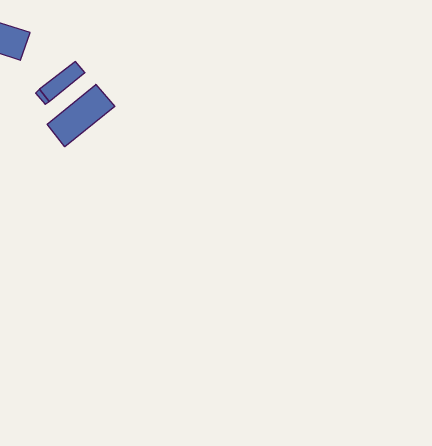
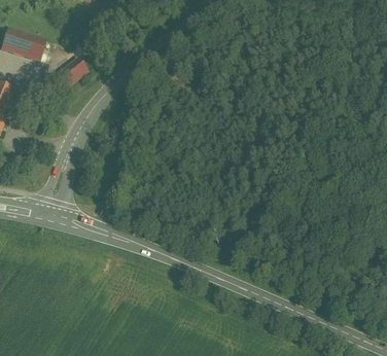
building: [47,84,115,147] -> none

